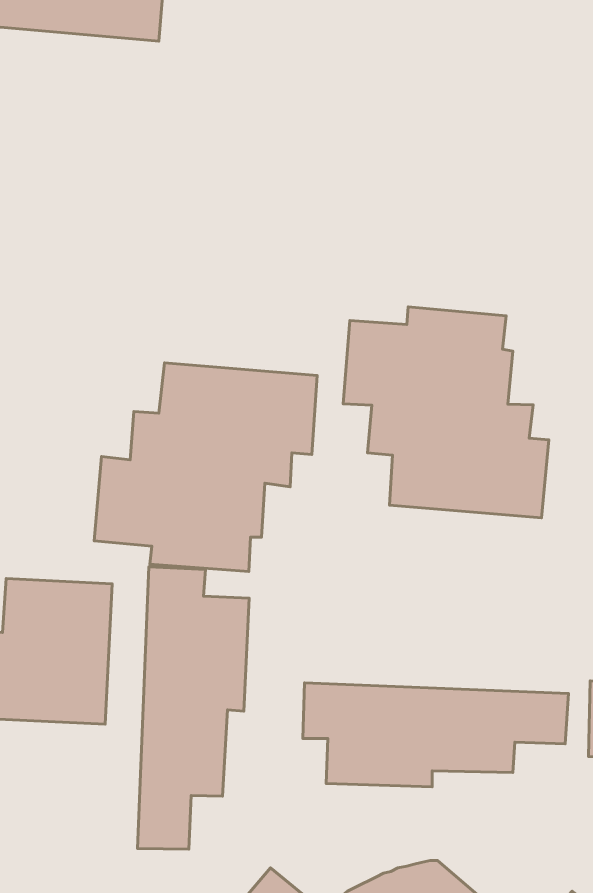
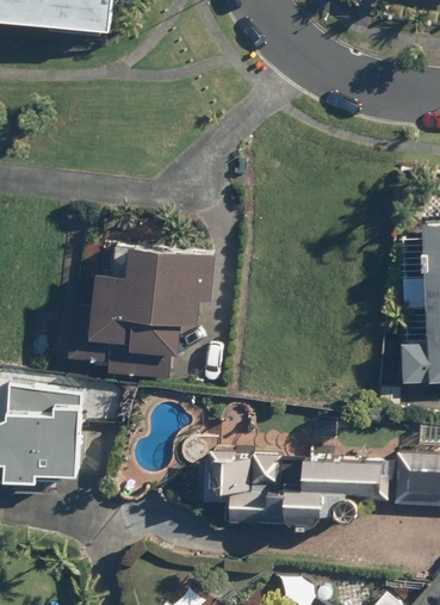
building: [343,307,549,518] -> none
building: [137,567,249,849] -> none

